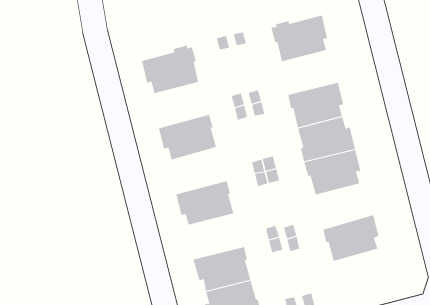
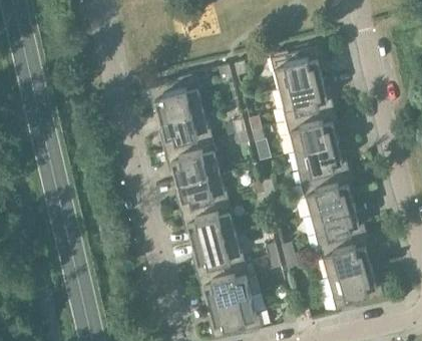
building: none -> [280,78,334,120]
building: none -> [159,108,213,151]
building: none -> [175,169,230,214]
building: none -> [312,204,367,247]
building: none -> [191,232,246,275]
building: none -> [329,265,384,311]

